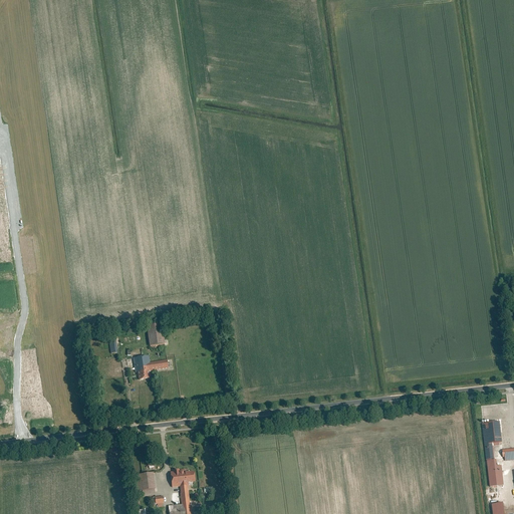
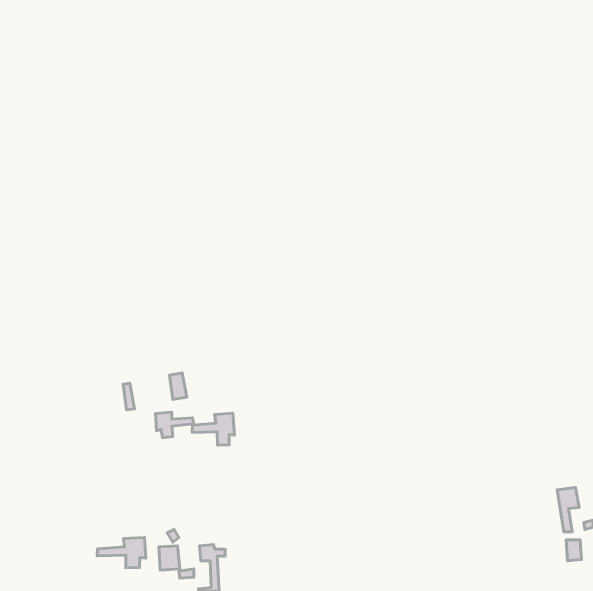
building: none -> [192,413,234,445]
building: none -> [97,537,146,568]

